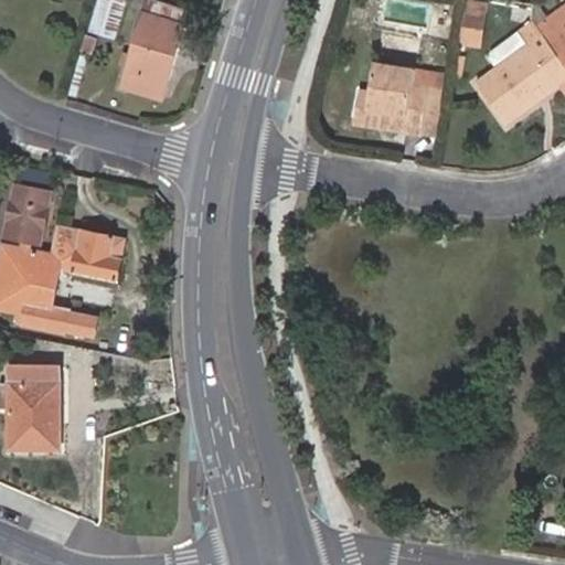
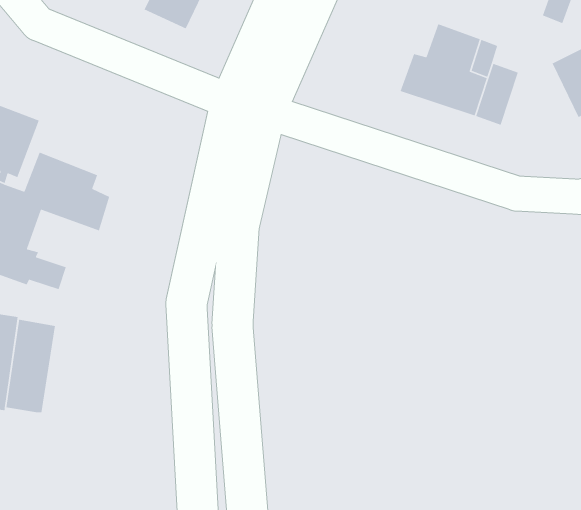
building: none -> [5,319,56,413]

